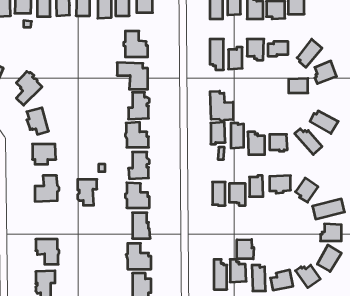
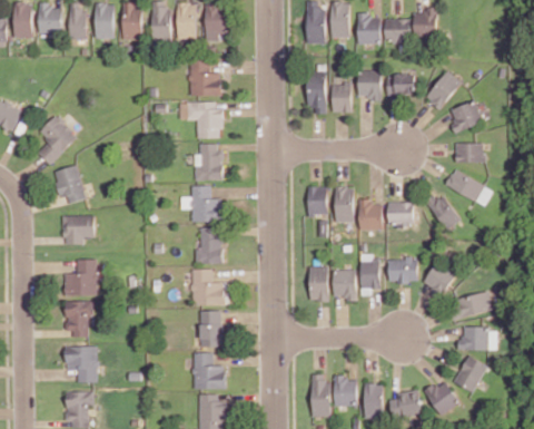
building: [289,78,308,93] -> [456,143,483,163]
building: [210,91,233,121] -> none
building: [78,179,97,205] -> [66,302,92,338]
building: [237,239,254,259] -> none

